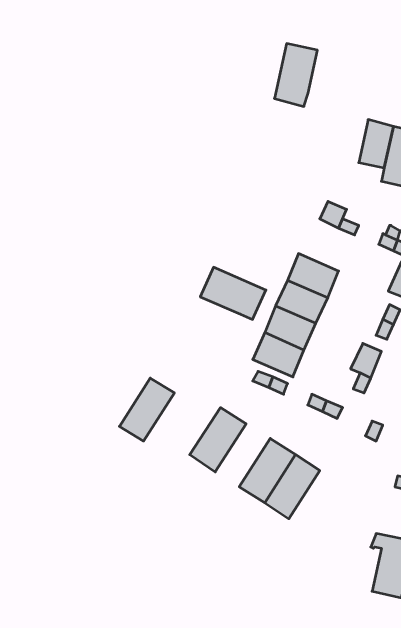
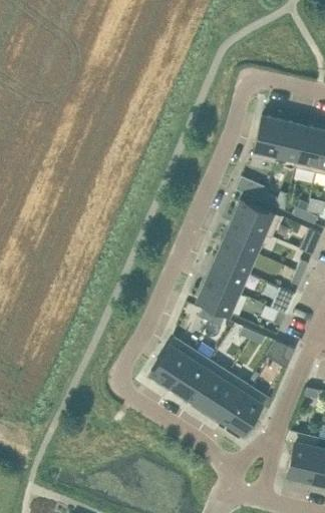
building: [274,44,317,106] -> [252,117,284,164]
building: [200,267,266,319] -> [232,200,281,239]
building: [119,378,174,441] -> [170,350,211,397]
building: none -> [225,385,267,433]

